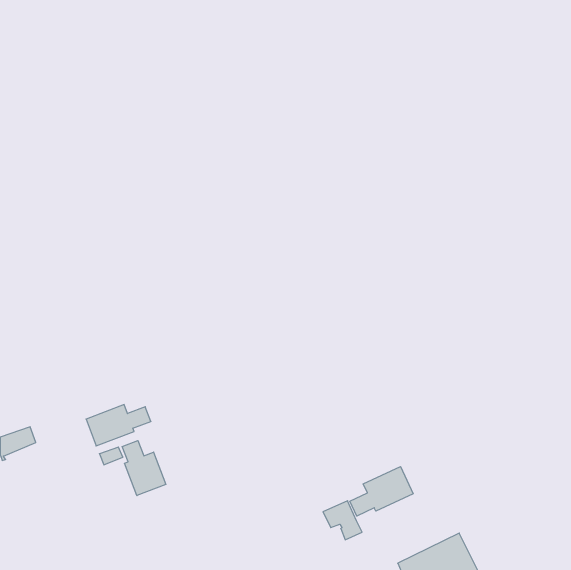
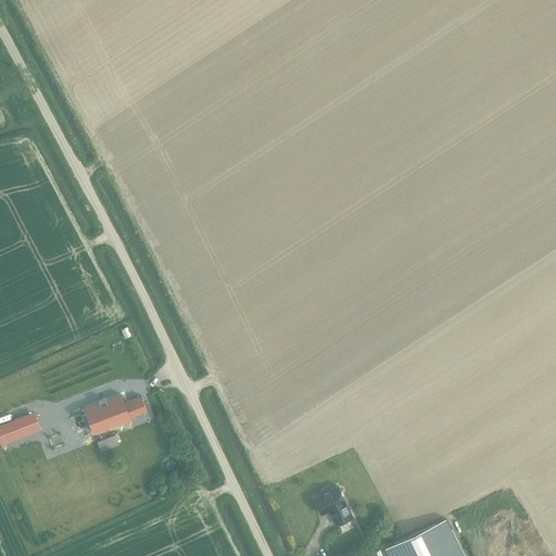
building: [122,441,166,496] -> none
building: [350,467,413,516] -> none

